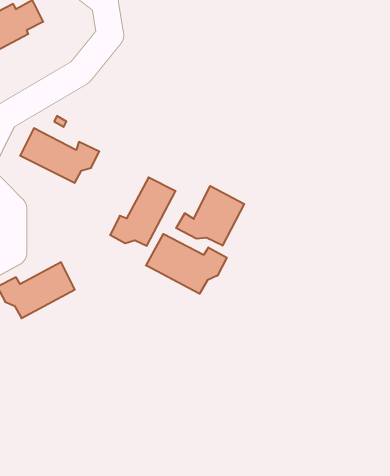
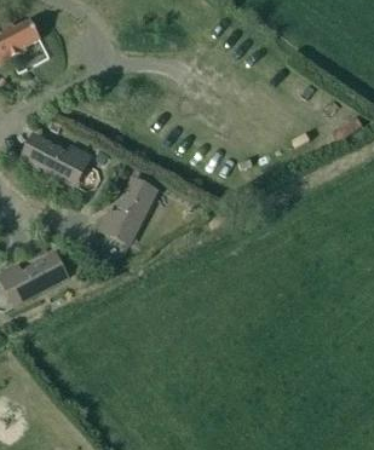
building: [176,186,244,246] -> none
building: [146,234,227,294] -> none

